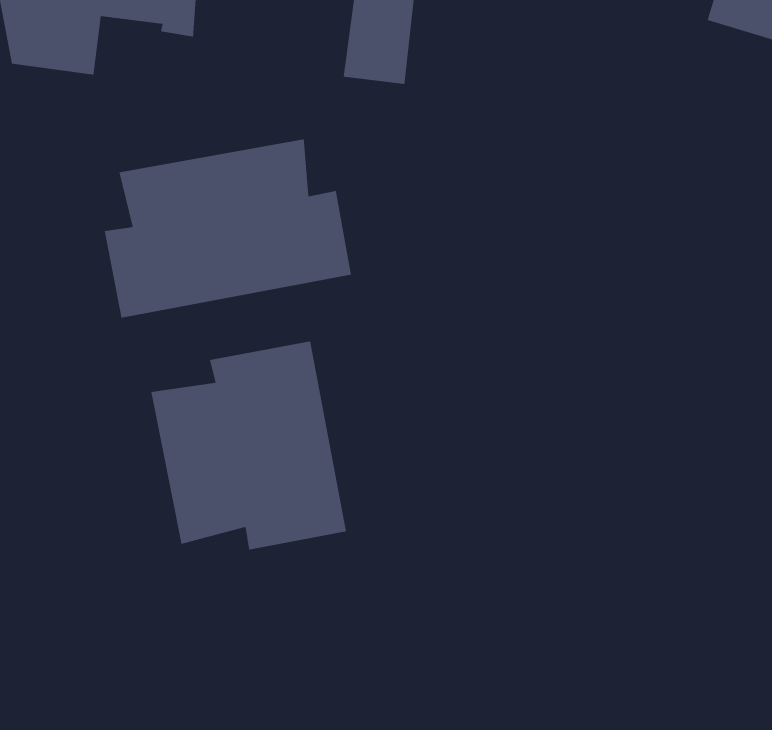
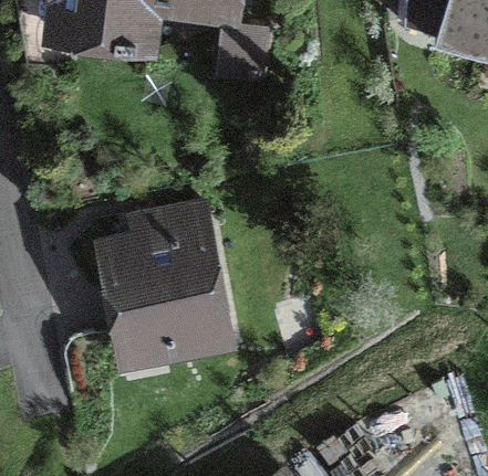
building: [104,138,352,318] -> none

